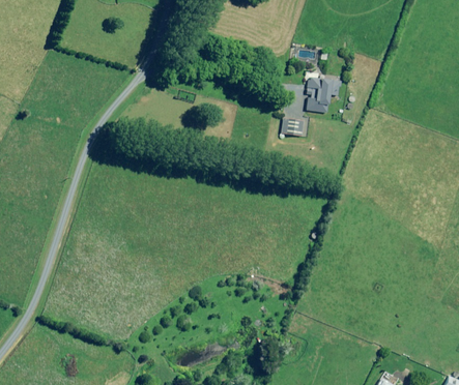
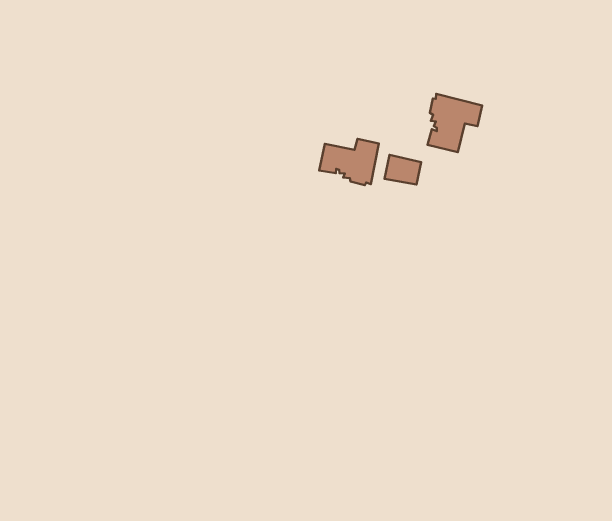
building: none -> [319,139,379,185]

